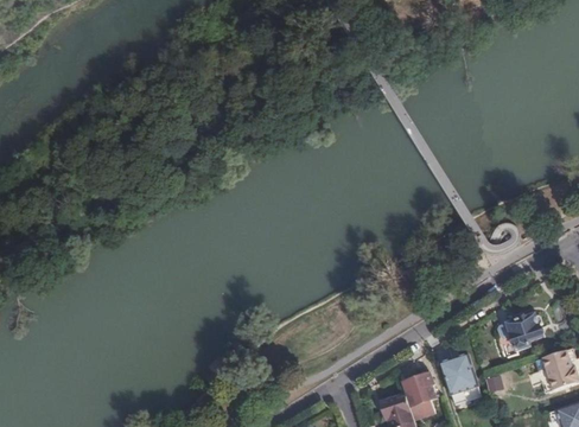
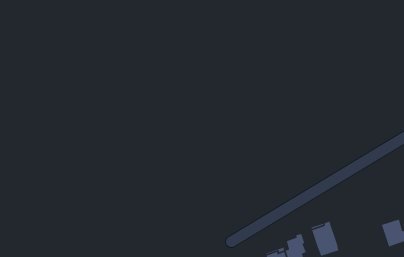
building: [495,313,542,358] -> none

